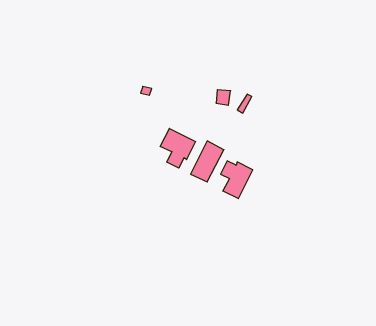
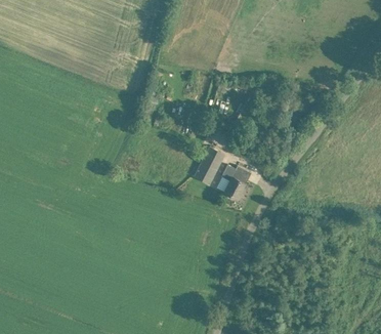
building: [160,128,196,168] -> none

